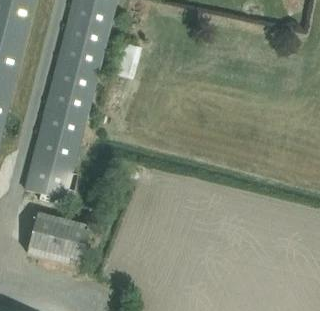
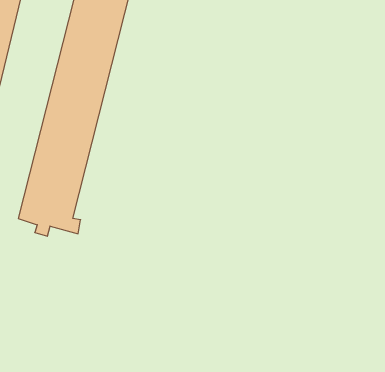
building: [27,211,92,267] -> none

